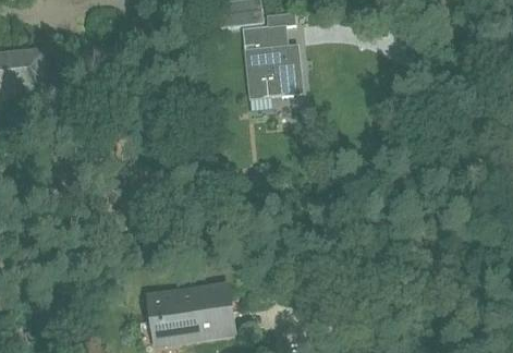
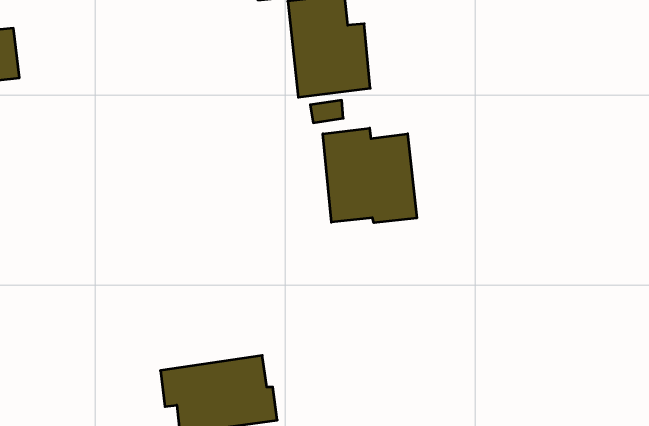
building: none -> [323,128,417,223]

